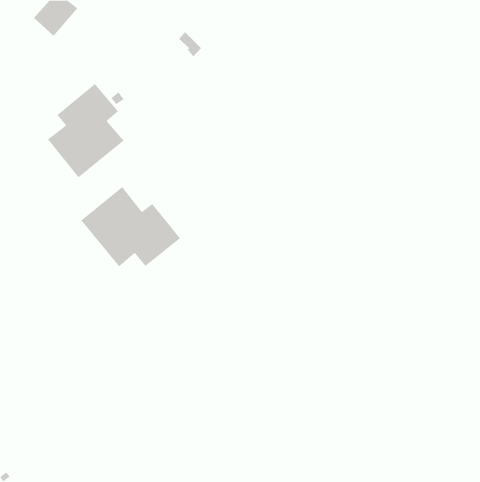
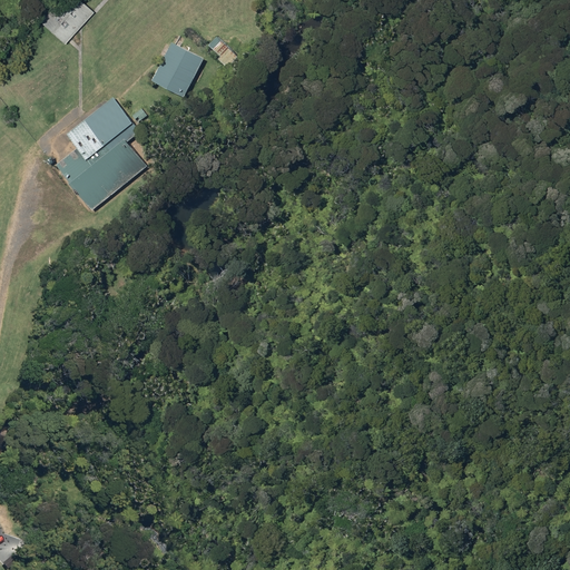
building: none -> [150,41,204,98]
building: [80,186,181,267] -> none

